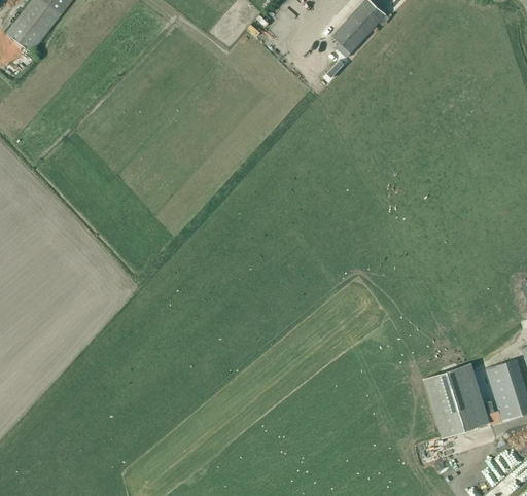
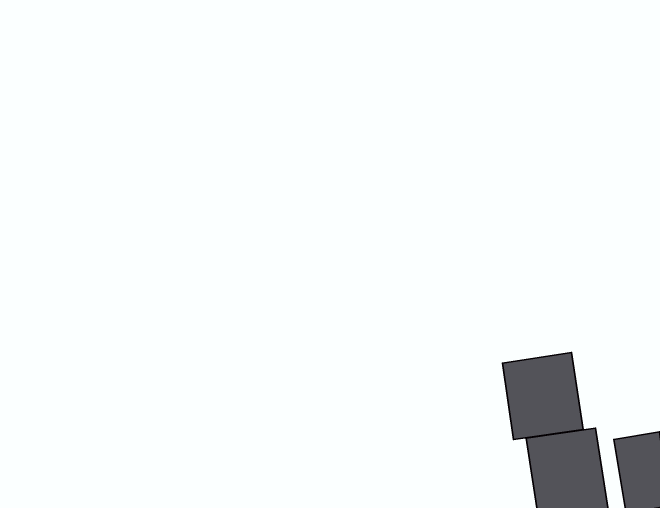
building: none -> [502,352,583,439]

